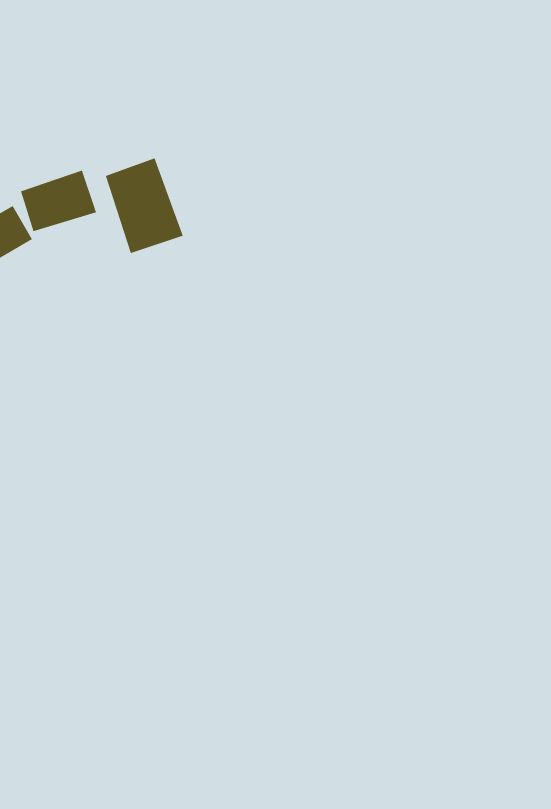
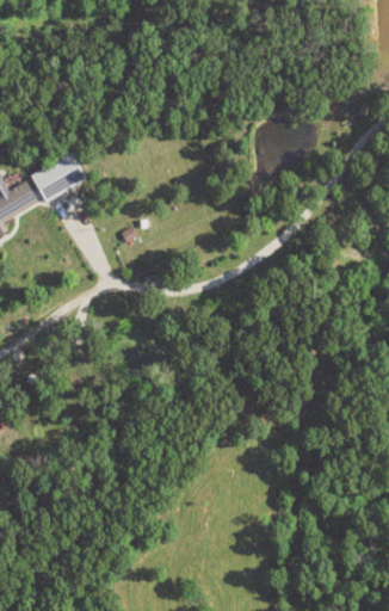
building: [105,157,183,254] -> none

